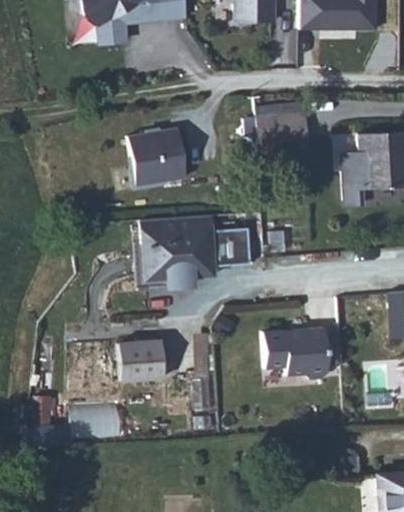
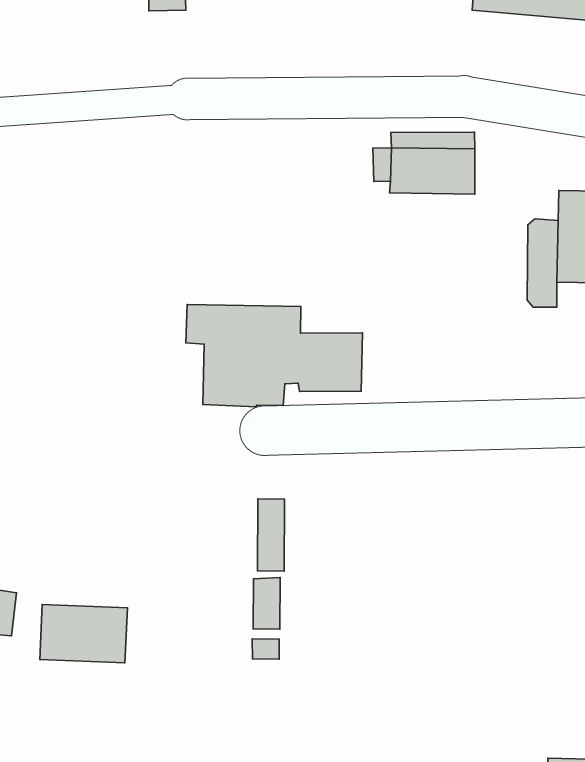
building: [127,127,185,185] -> none
building: [262,328,341,378] -> none
building: [117,340,163,380] -> none

